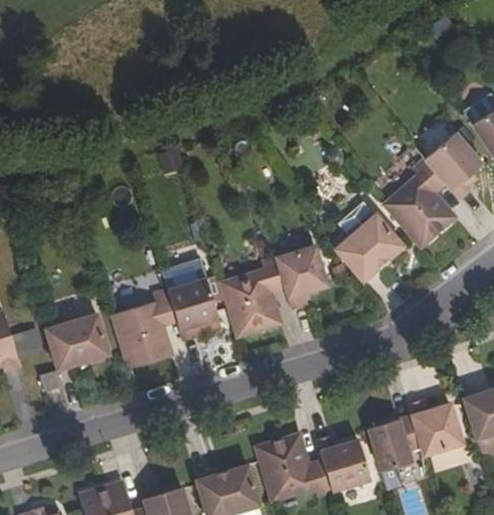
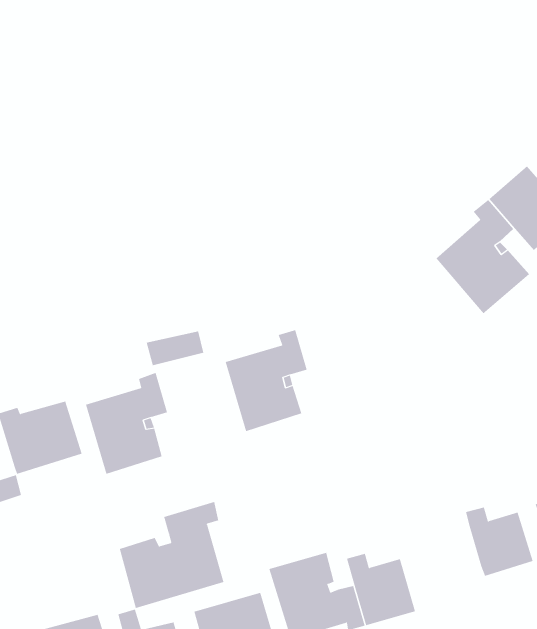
building: [329,213,403,281] -> none
building: [276,248,327,312] -> none
building: [167,282,218,345] -> none
building: none -> [119,501,224,609]
building: [367,412,420,469] -> none

